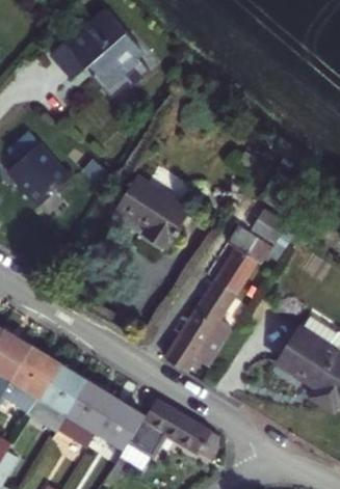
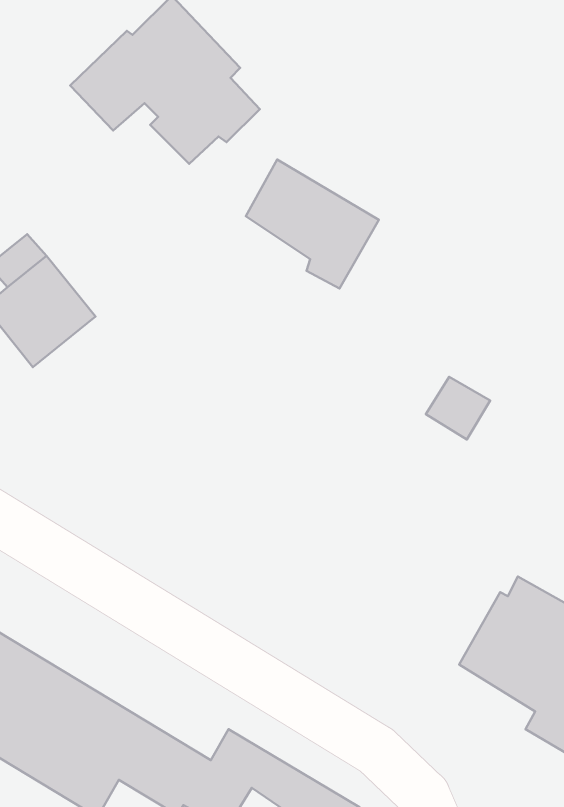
building: [120,174,190,243] -> [246,159,379,288]
building: [166,225,271,370] -> none

